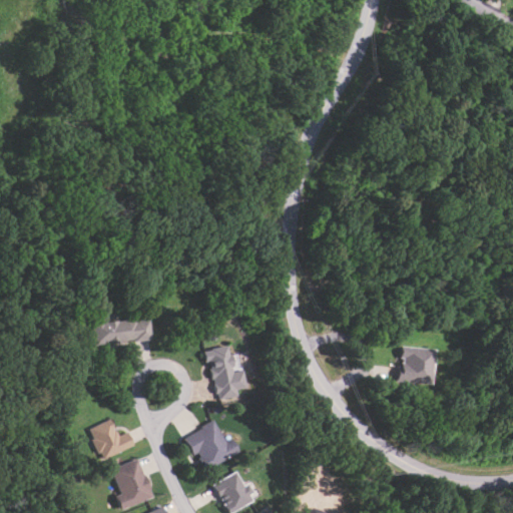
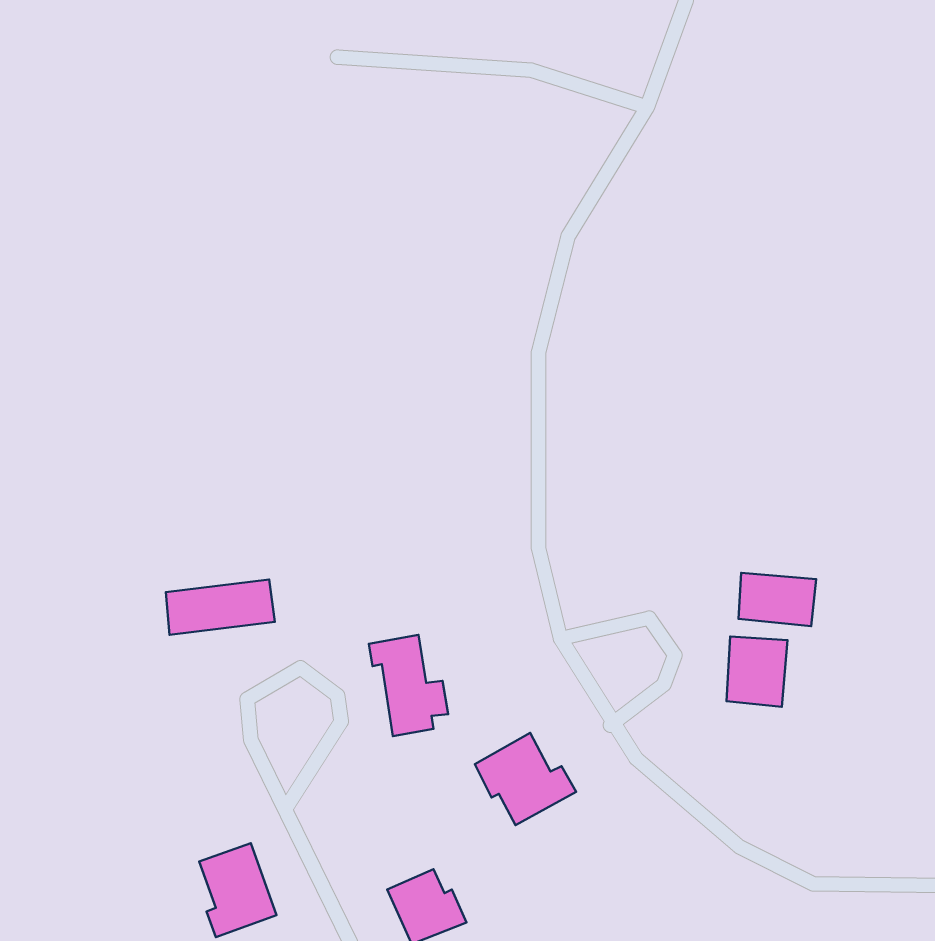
building: none -> [738,573,816,626]
building: [89,420,135,461] -> none
building: [185,421,240,471] -> [475,733,576,825]

